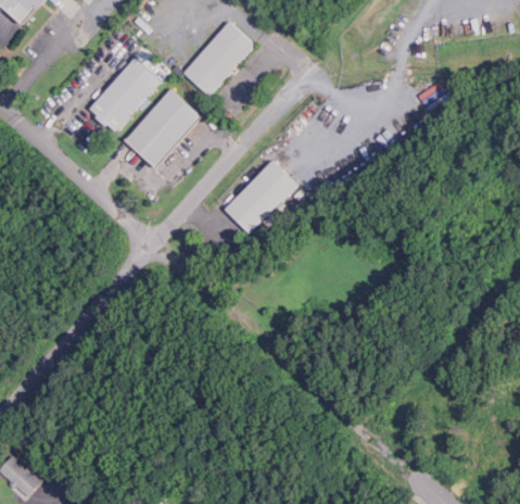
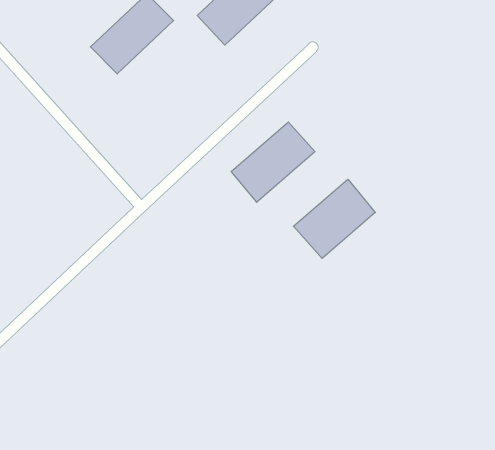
building: [126,88,201,166] -> none
building: none -> [293,179,375,258]

